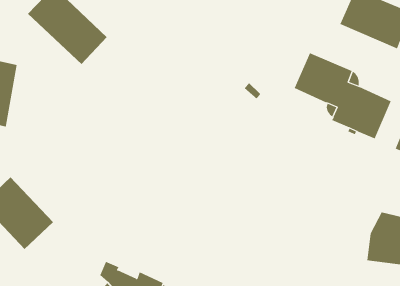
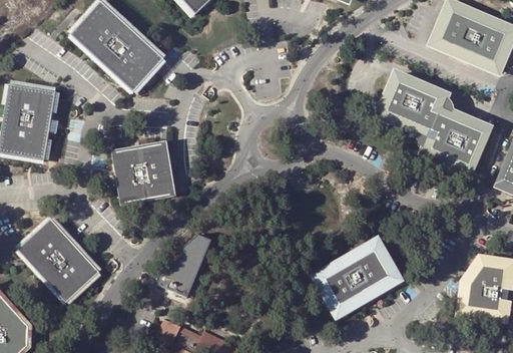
building: none -> [113,142,174,200]
building: none -> [158,232,214,294]
building: none -> [317,239,400,312]

